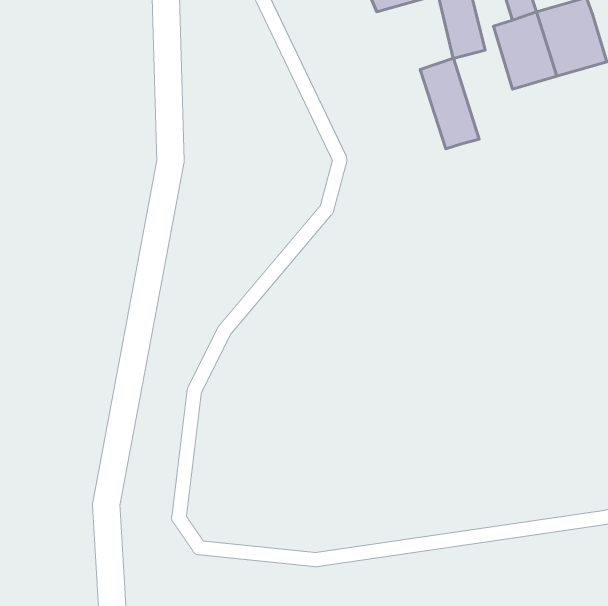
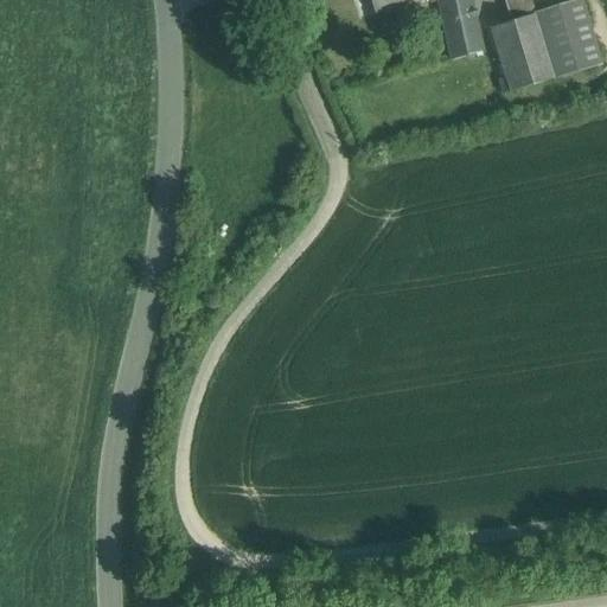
building: [420,58,479,149] -> none

